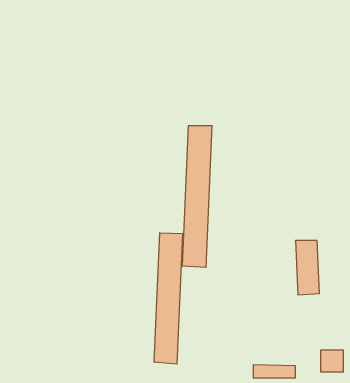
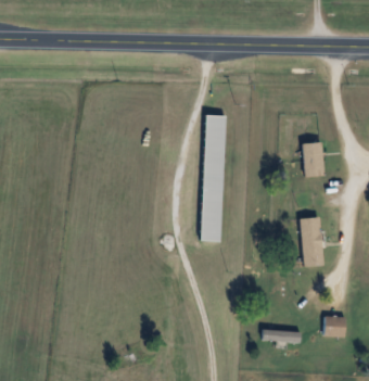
building: none -> [304,143,322,176]
building: [154,233,182,364] -> none

